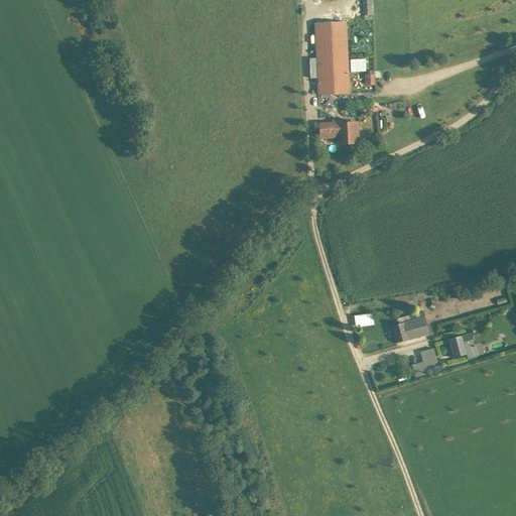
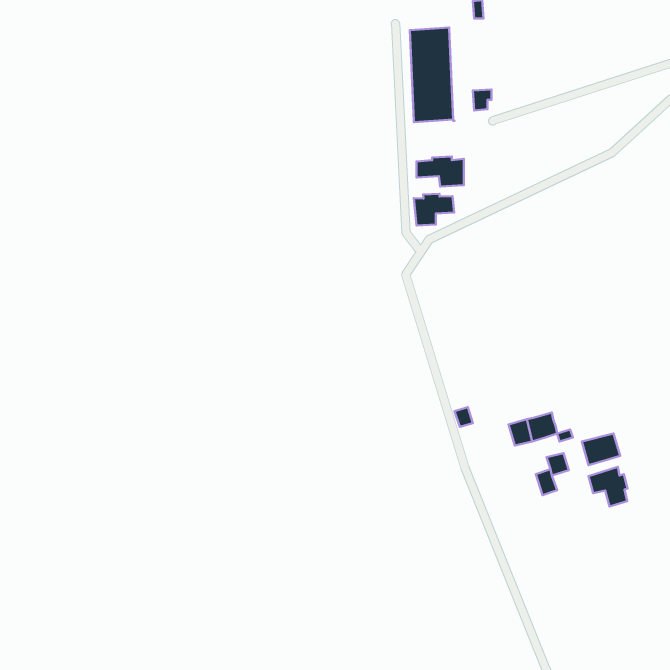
building: none -> [414,194,454,226]
building: none -> [588,467,628,507]

